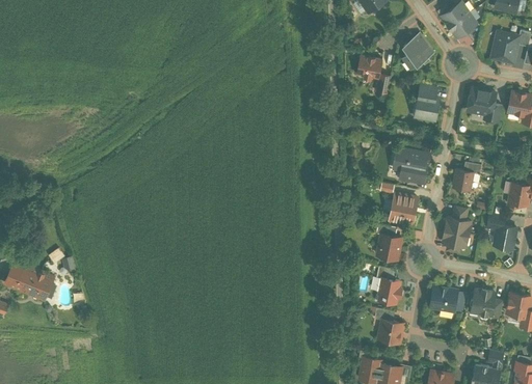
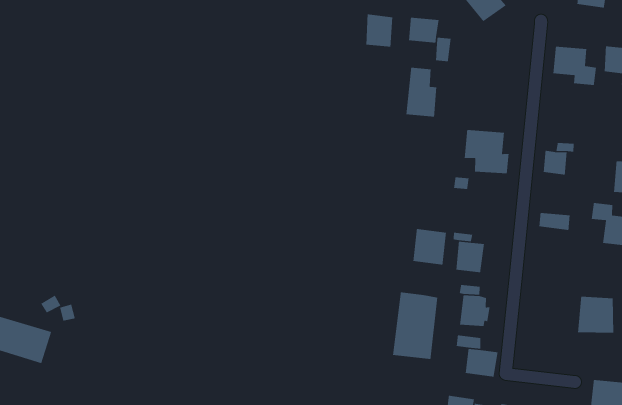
building: none -> [365,13,393,47]
building: [413,81,440,122] -> [405,67,437,117]
building: [390,194,419,225] -> [412,228,447,265]
building: [444,229,470,254] -> none
building: none -> [392,292,438,360]
building: [428,282,460,317] -> none

